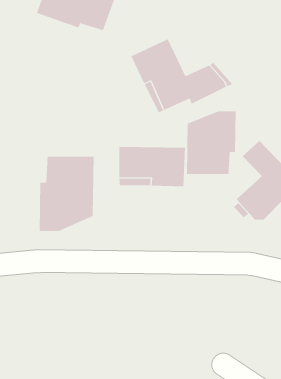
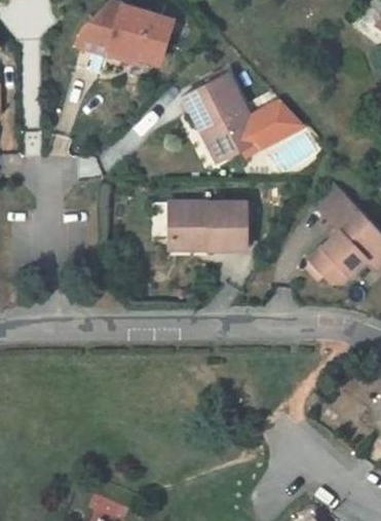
building: [187,110,236,175] -> none
building: [39,156,94,232] -> none

